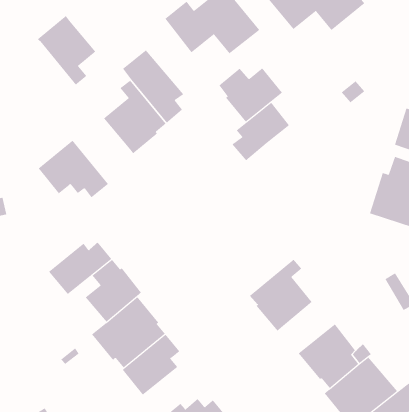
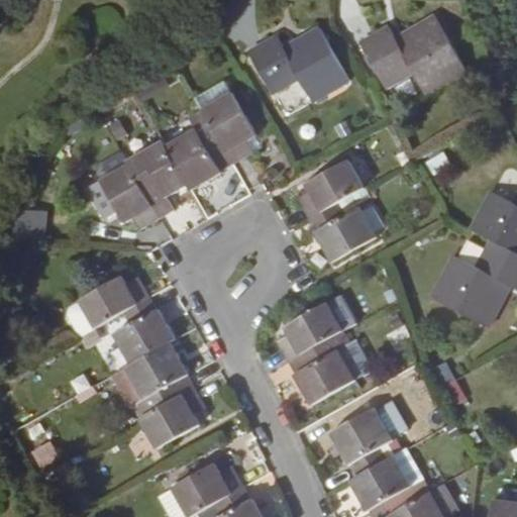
building: [37,15,96,85] -> [127,139,188,216]
building: [218,68,283,123] -> [310,202,378,262]
building: none -> [278,302,343,361]

